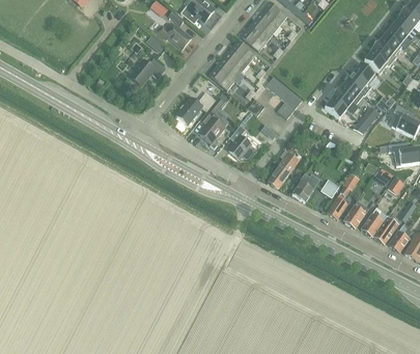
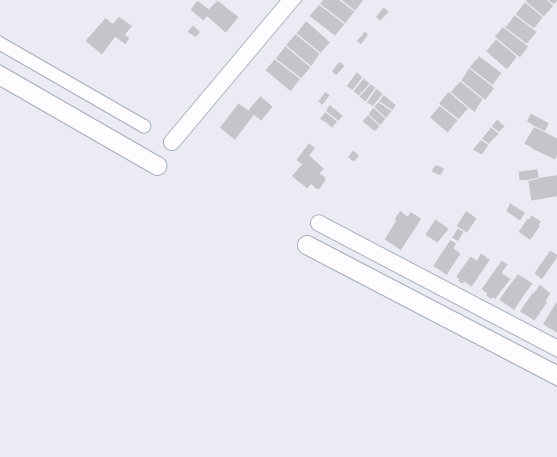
building: [129,57,163,85] -> [85,16,133,56]
building: [198,90,228,142] -> none
building: [268,149,299,188] -> none

